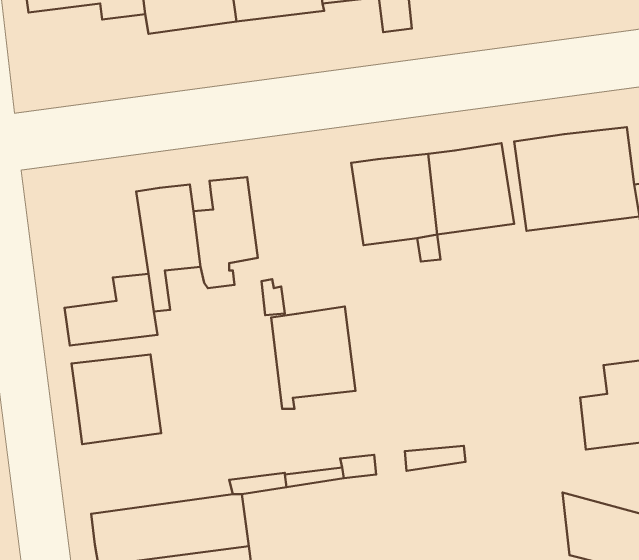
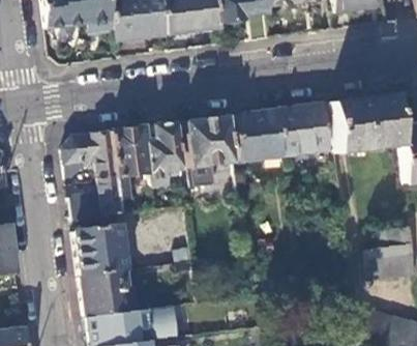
building: none -> [64,132,119,181]
building: [271,307,356,409] -> [186,116,235,175]
building: none -> [81,271,130,318]

